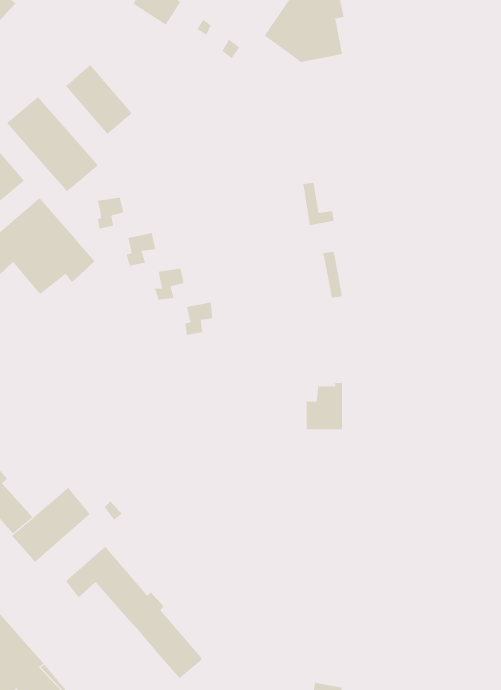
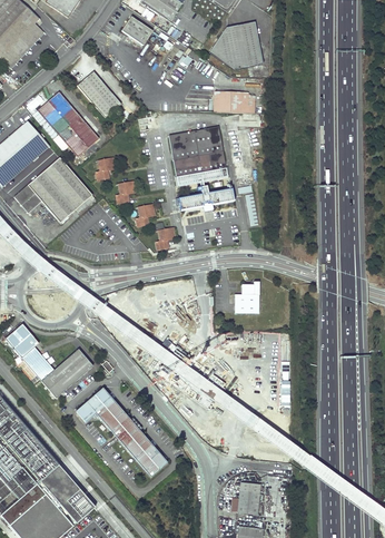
building: none -> [213,90,254,113]
building: none -> [168,127,235,213]

